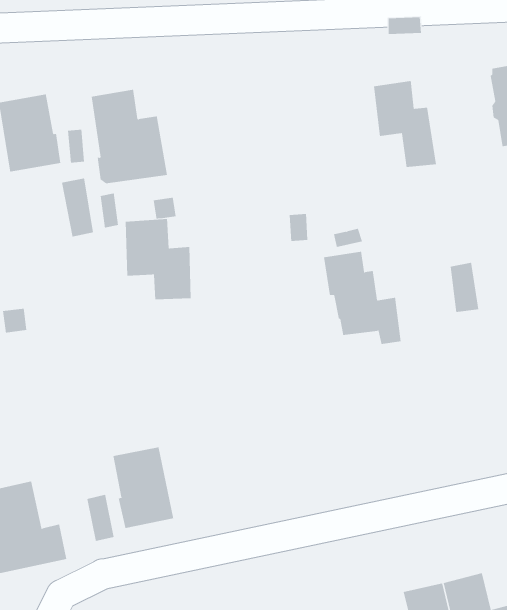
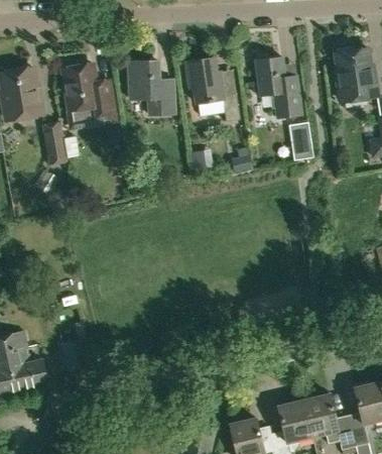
building: [125,219,192,300] -> [129,60,174,115]
building: [323,251,402,344] -> [186,58,240,121]
building: [450,262,479,312] -> [291,124,311,158]
building: [113,447,174,529] -> none

